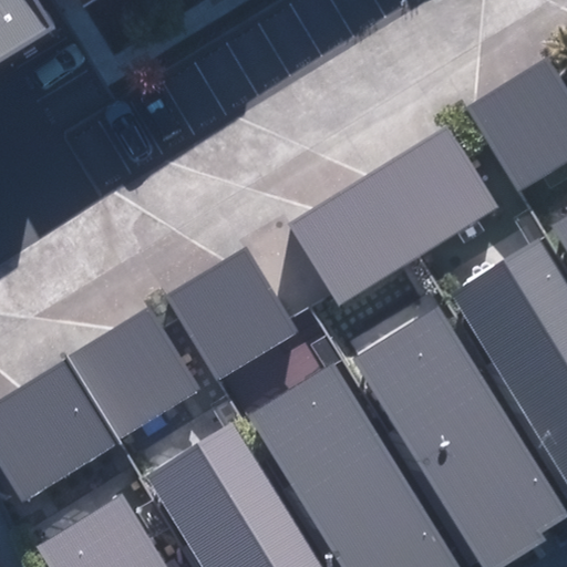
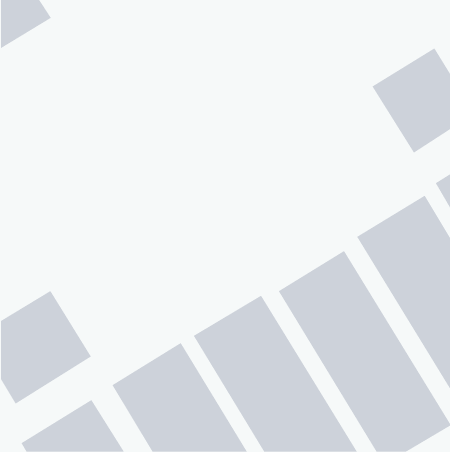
building: [291,126,498,303] -> none
building: [168,246,302,380] -> none
building: [75,302,207,435] -> none

